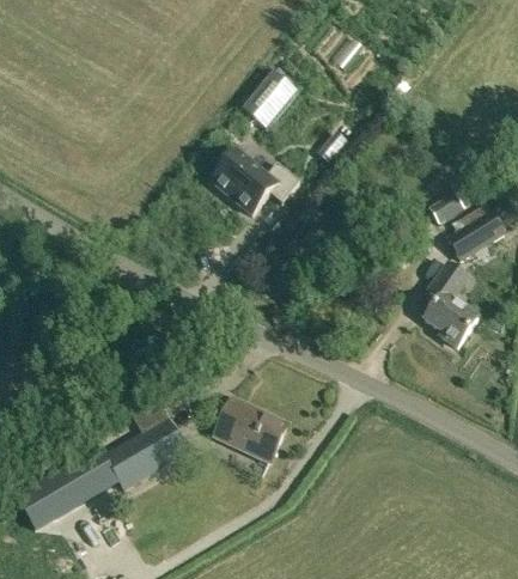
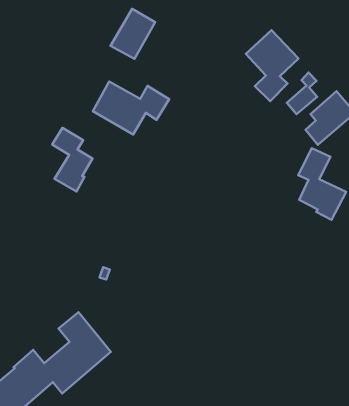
building: none -> [246,30,298,101]
building: none -> [52,128,92,191]
building: [214,398,287,462] -> none

